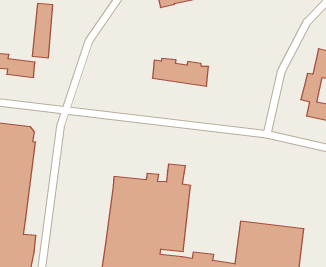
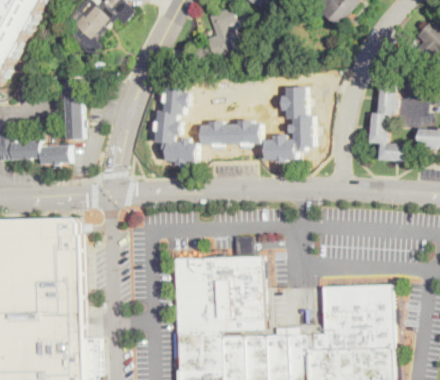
building: none -> [154,82,198,163]
building: none -> [265,86,314,161]

